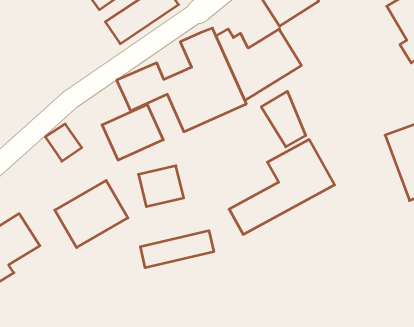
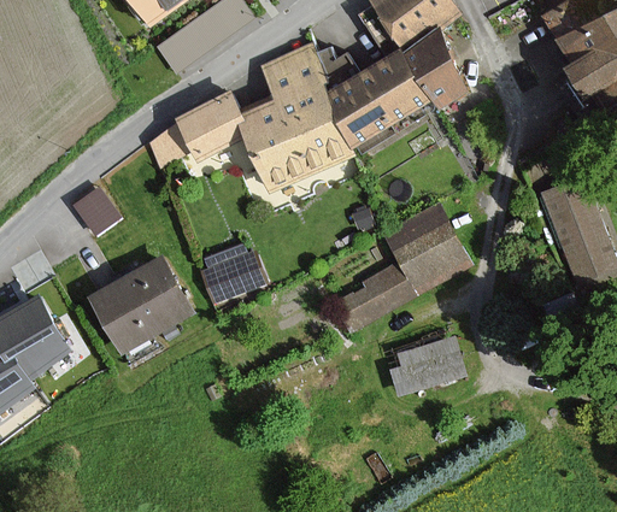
building: [261,91,306,147] -> [399,31,460,108]
building: [102,105,163,160] -> none
building: [140,231,214,268] -> none
building: none -> [387,335,468,392]

